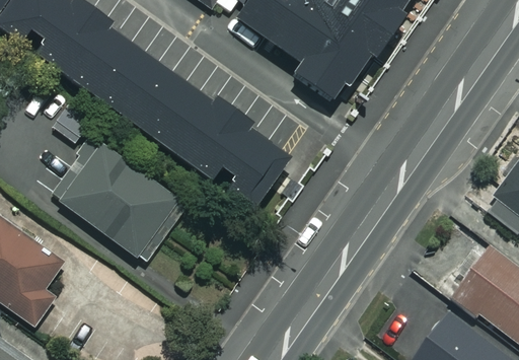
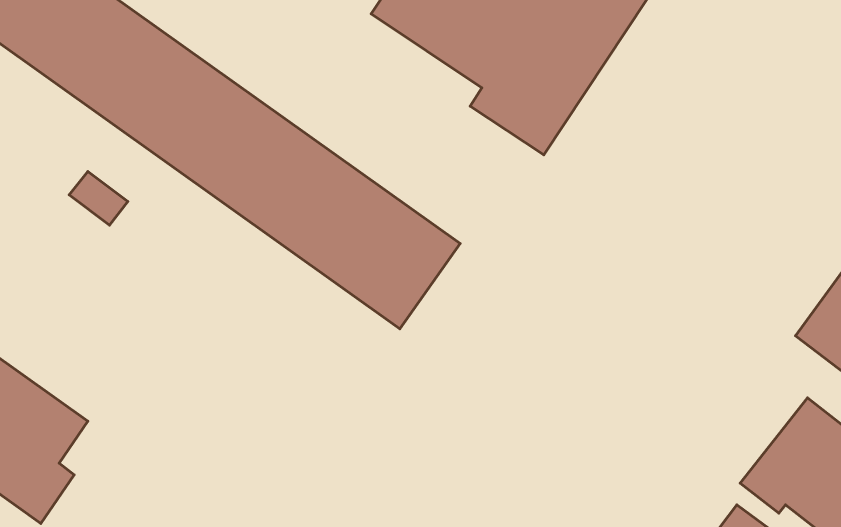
building: [53,138,182,260] -> none

